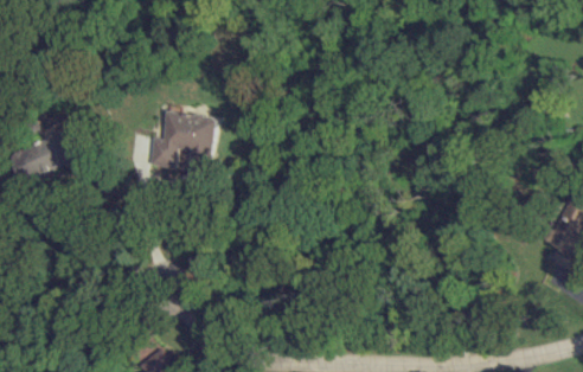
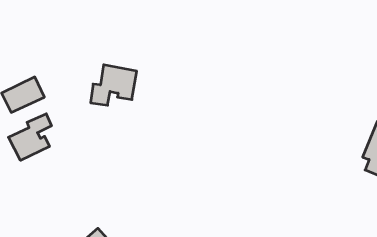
building: none -> [8,114,51,160]

